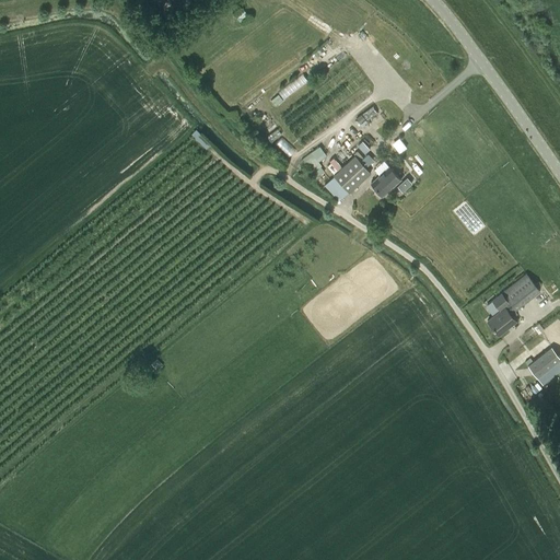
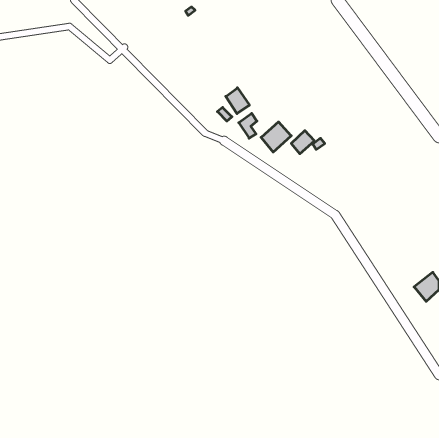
building: none -> [226,88,249,114]
building: [487,273,539,336] -> none

